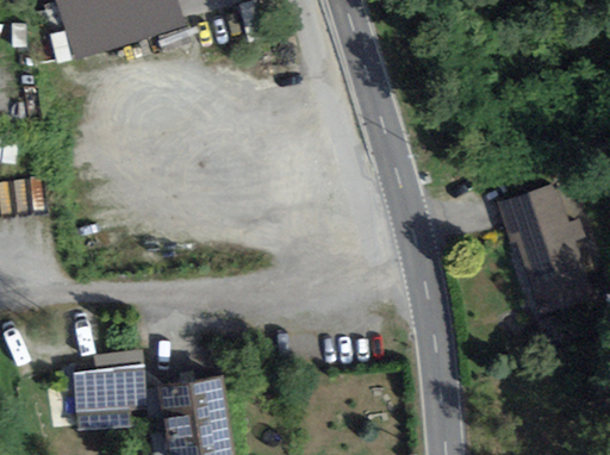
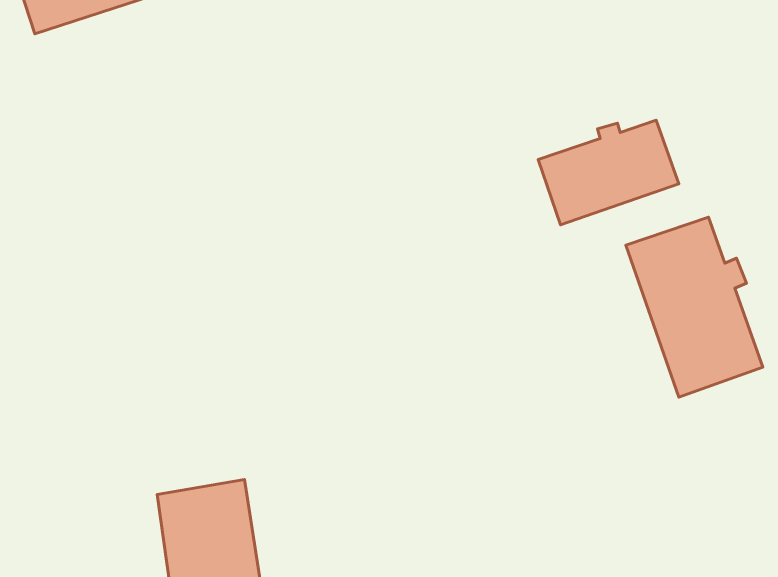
building: none -> [538,120,679,225]
building: [71,368,147,431] -> none

